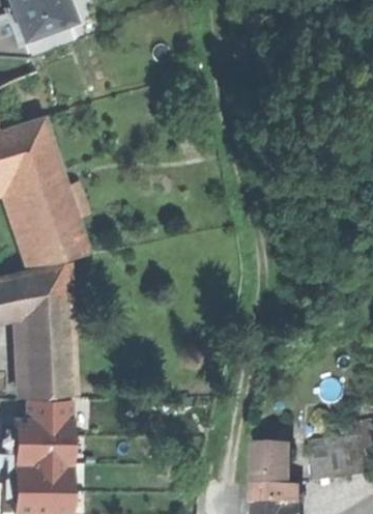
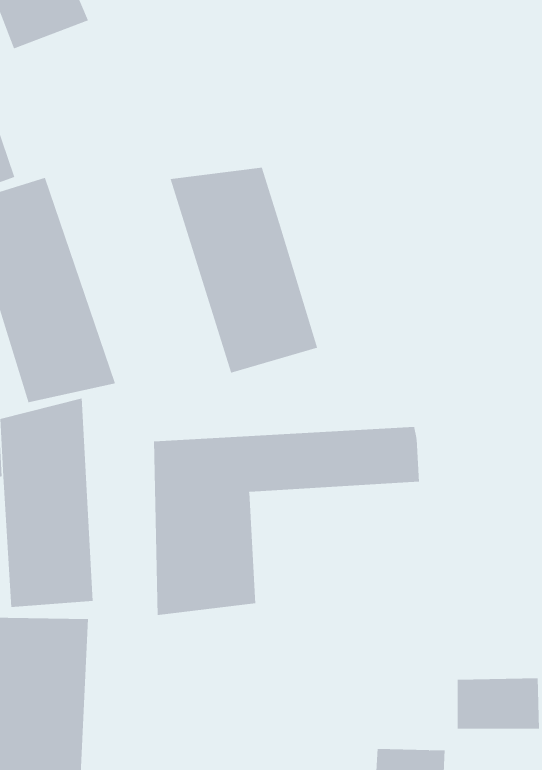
building: none -> [170,167,318,374]
building: none -> [154,426,420,616]
building: [258,448,293,490] -> none

